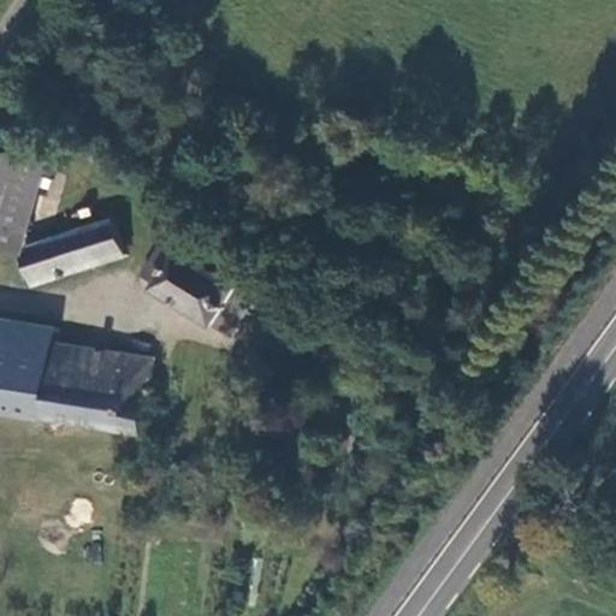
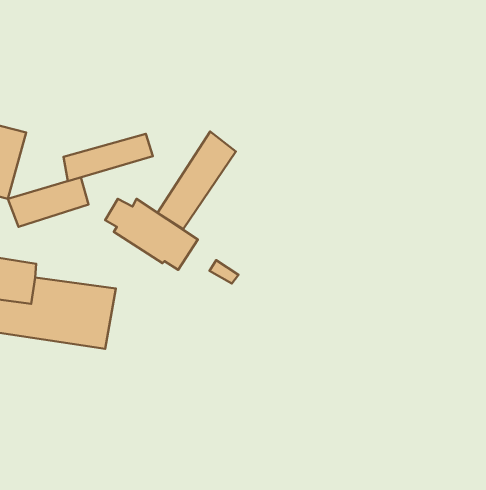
building: none -> [158,131,236,229]
building: none -> [63,134,153,181]

